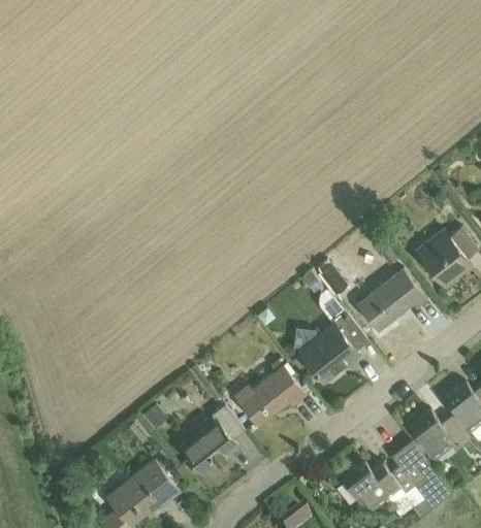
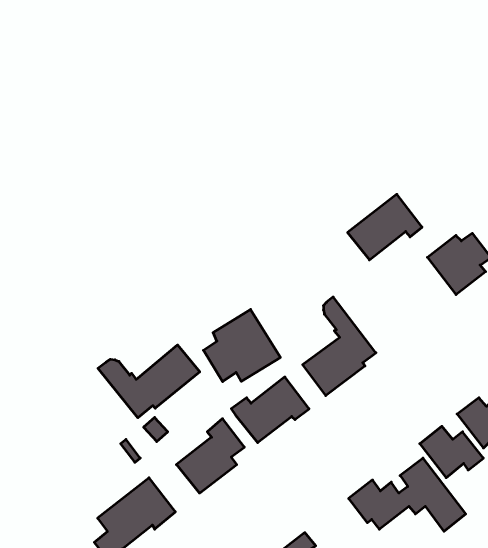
building: [355,268,425,330] -> [348,194,422,260]
building: none -> [203,309,280,382]
building: none -> [98,345,200,418]

